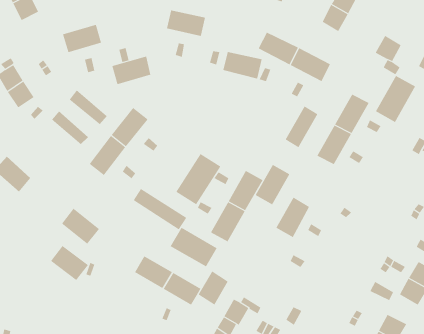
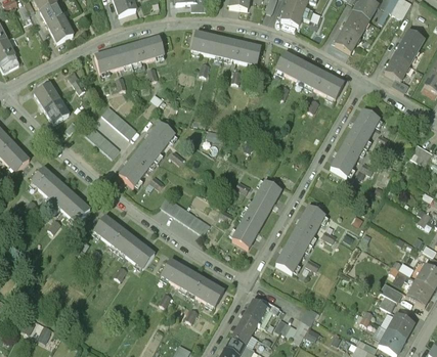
building: none -> [393,31,423,64]
building: [223,51,262,79] -> [223,39,260,64]
building: [111,56,151,85] -> [126,36,163,62]
building: [375,75,416,123] -> none
building: [285,106,318,148] -> none
building: [175,153,221,205] -> none
building: [255,164,290,205] -> [275,233,308,271]
building: none -> [54,187,89,222]
building: [170,227,218,267] -> none
building: [50,245,89,281] -> [118,234,154,267]
building: [198,271,229,306] -> none

